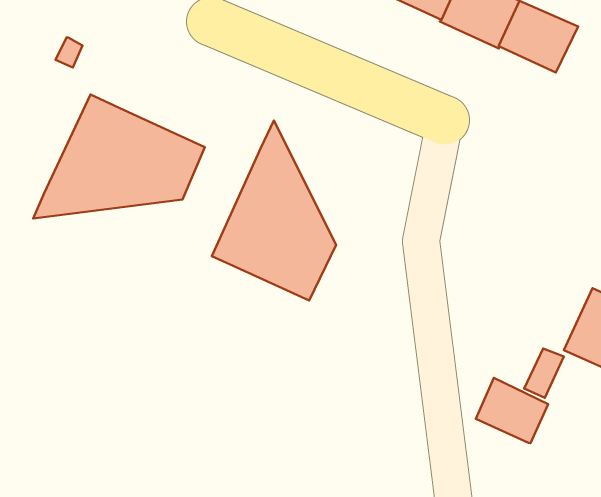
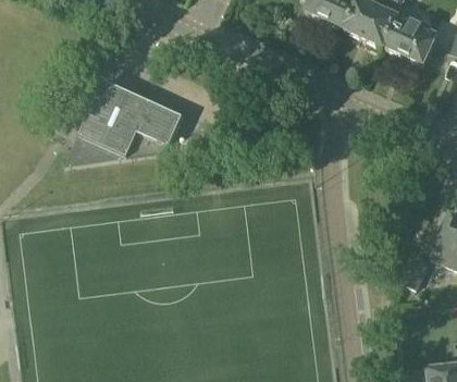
building: [212,121,336,301] -> none
building: [476,378,548,443] -> none

